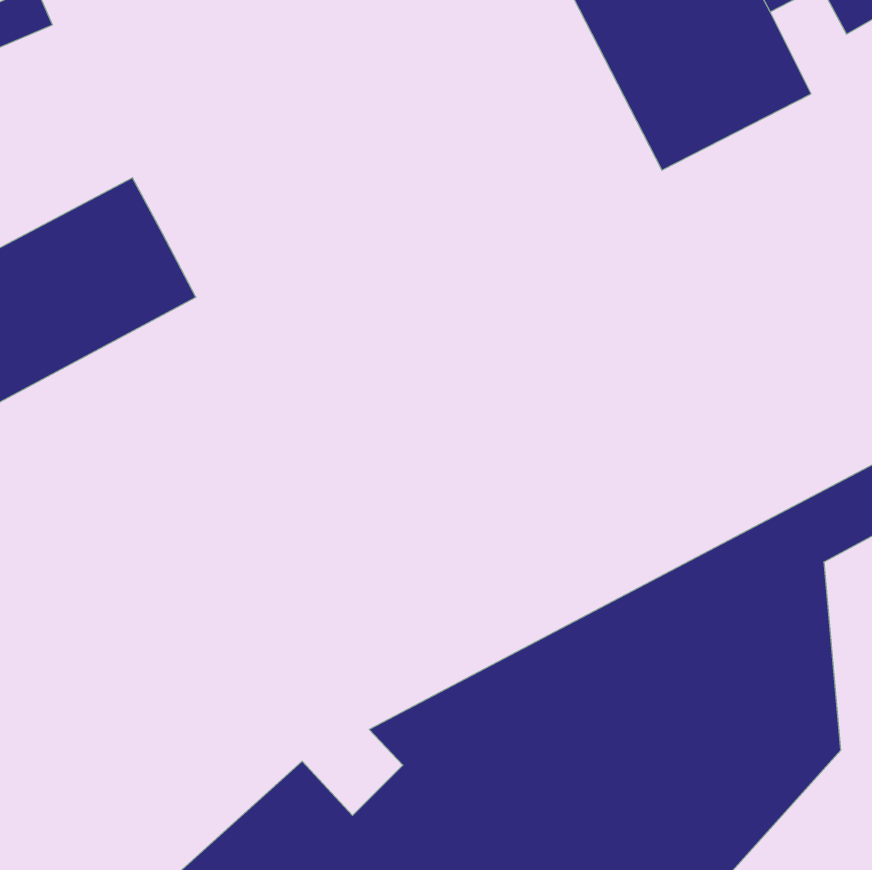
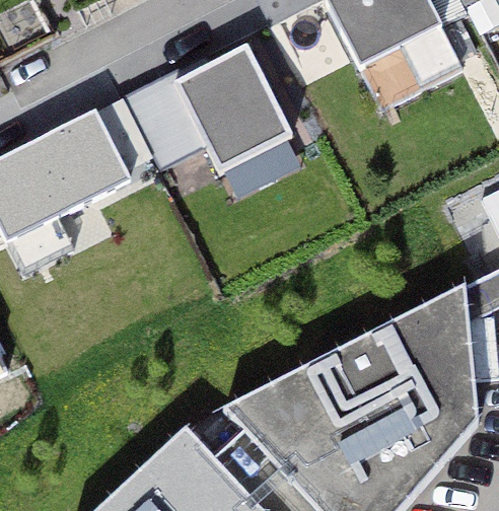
building: none -> [122,43,292,172]

